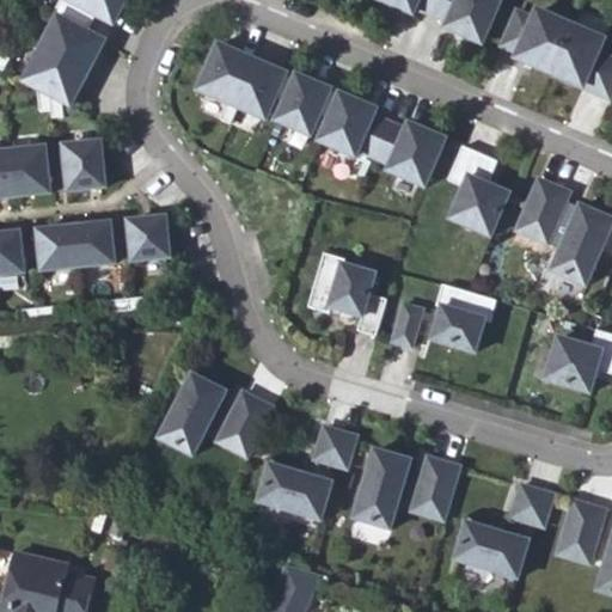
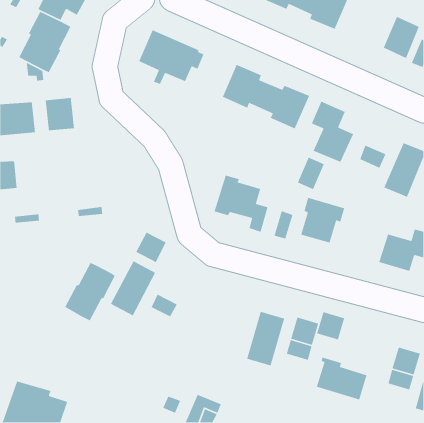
building: [501,10,570,73] -> none
building: [276,73,338,135] -> none
building: [525,178,569,221] -> none
building: [129,215,171,259] -> none
building: [39,221,116,270] -> none
building: none -> [297,157,325,190]
building: none -> [64,262,116,322]
building: [226,392,271,437] -> [135,232,167,263]
building: [314,424,356,466] -> none
building: [258,455,332,518] -> none
building: [510,483,552,525] -> [316,311,345,340]

